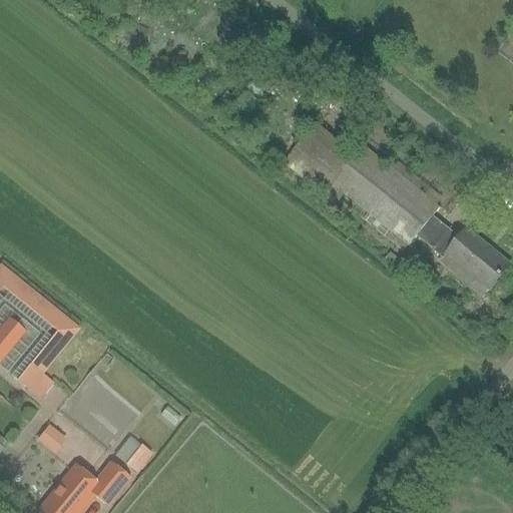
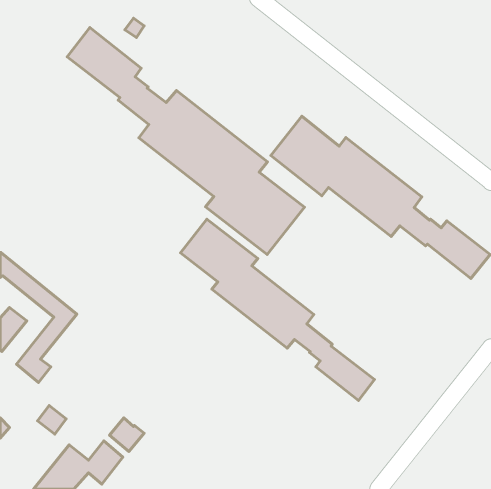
building: none -> [67,27,304,255]
building: none -> [180,219,374,401]

